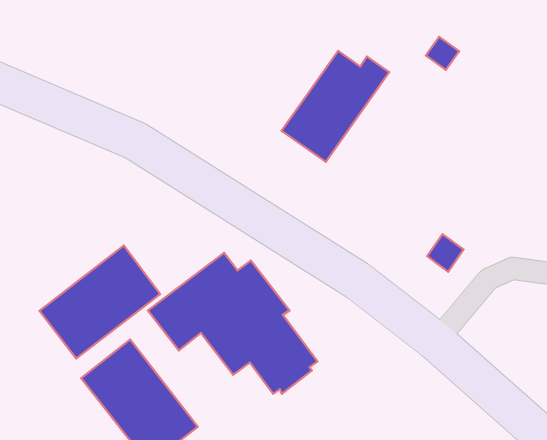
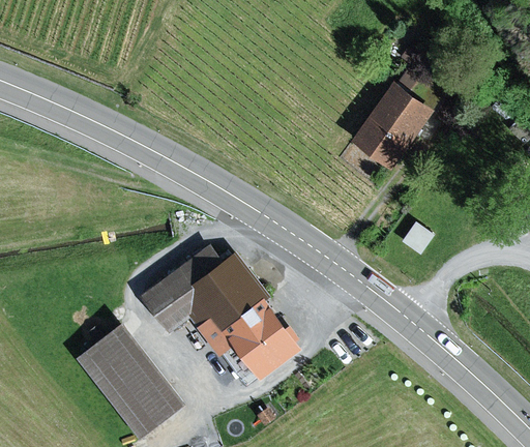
building: [282,51,389,162] -> [350,66,450,170]
building: [39,246,160,358] -> none

